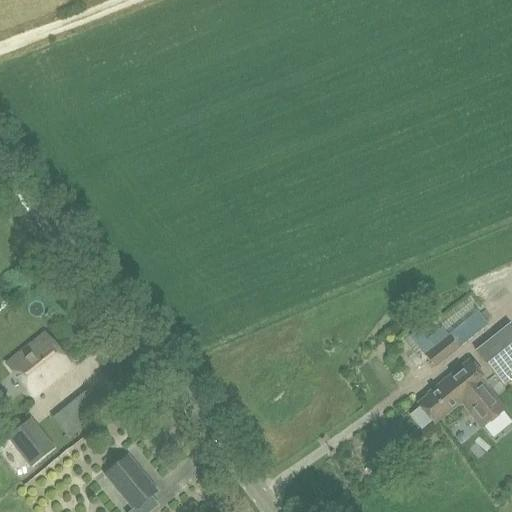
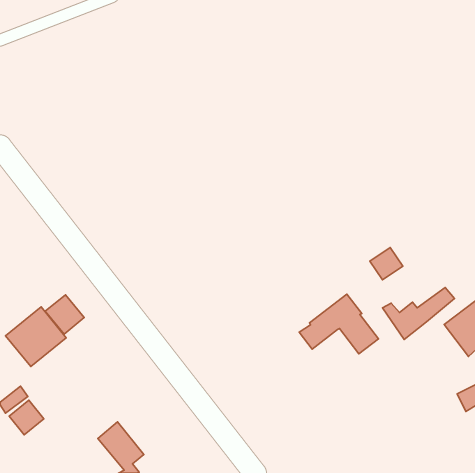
building: none -> [370,247,403,280]
building: none -> [45,295,84,334]
building: [419,359,504,423] -> [299,294,379,354]

